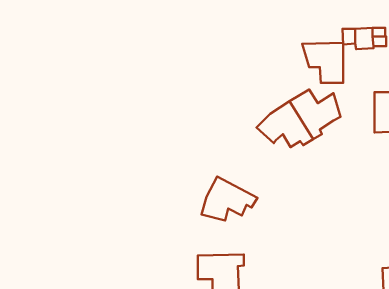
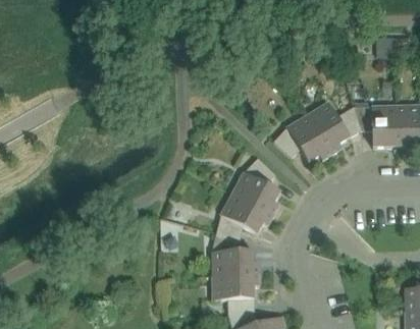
building: [302,43,343,83] -> [354,104,397,146]
building: none -> [232,156,280,214]
building: none -> [211,231,260,274]

